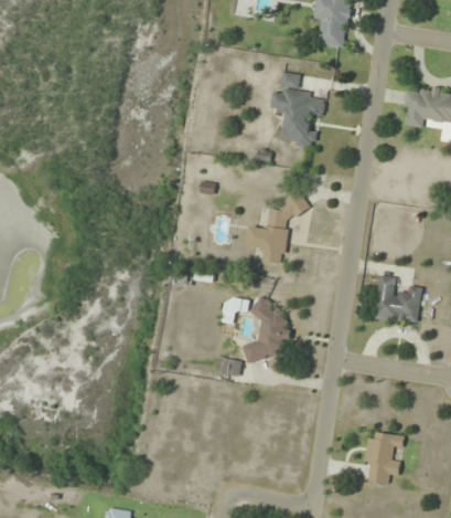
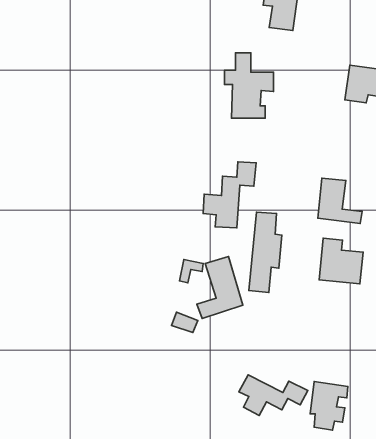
building: none -> [318,178,362,223]
building: none -> [249,212,282,293]
building: none -> [239,375,308,416]

